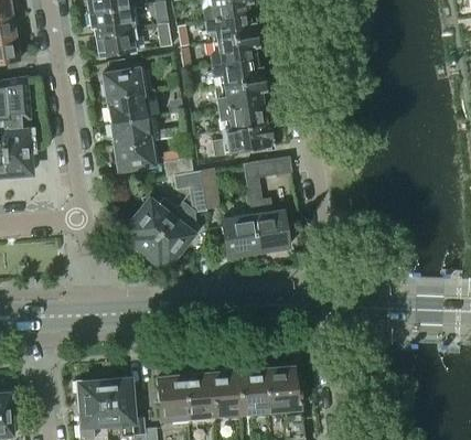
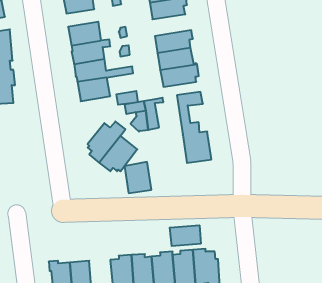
building: [213,57,264,86] -> none
building: [223,215,258,256] -> [124,162,151,193]
building: none -> [170,225,201,246]

